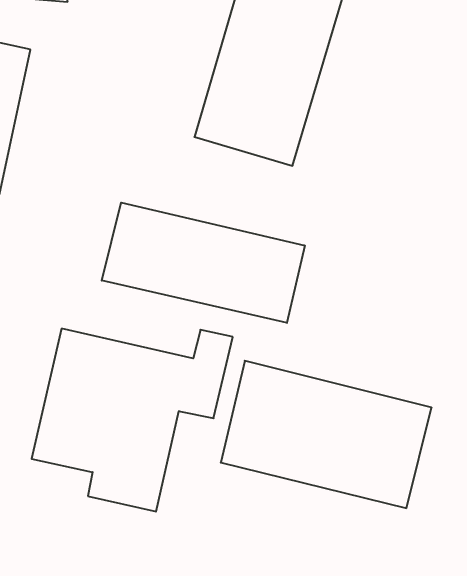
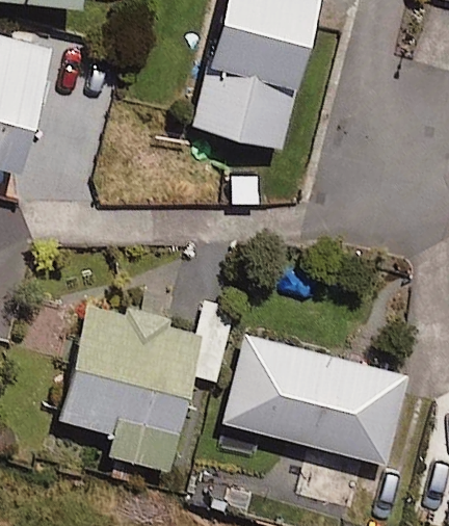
building: [102,203,305,323] -> none

